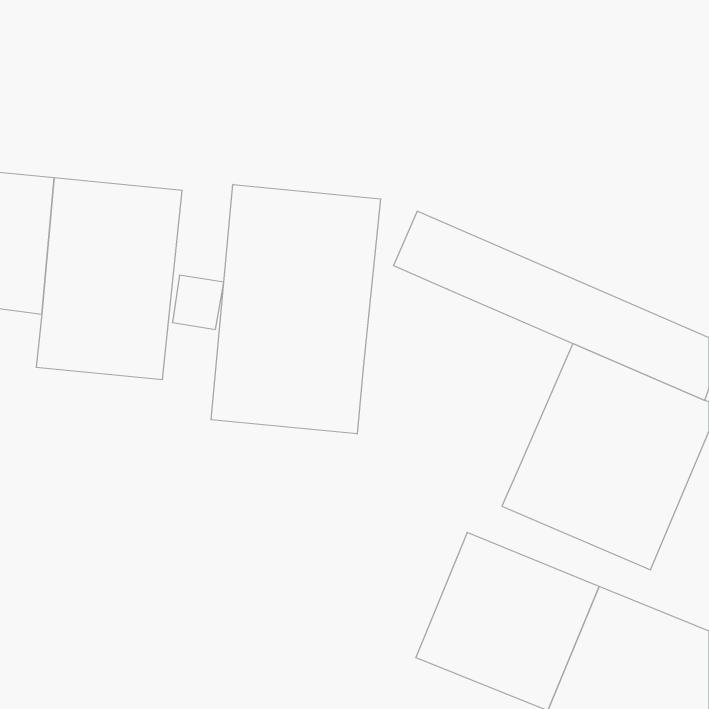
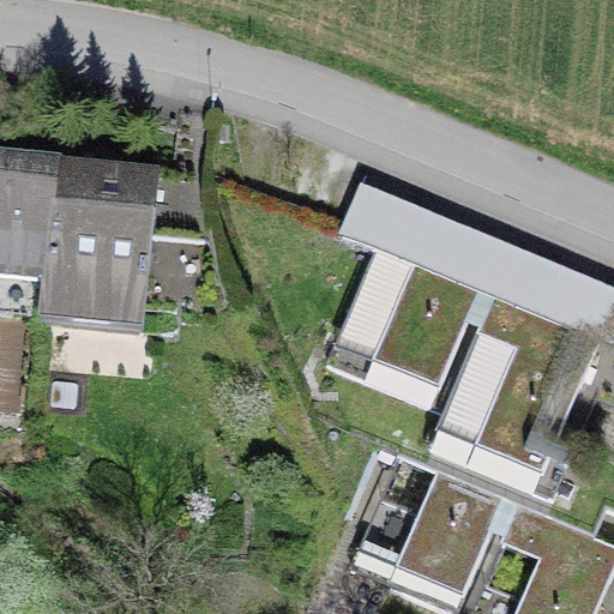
building: [211,184,381,434] -> none
building: none -> [339,251,494,405]

